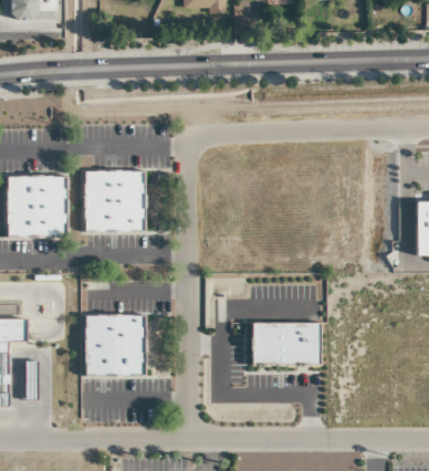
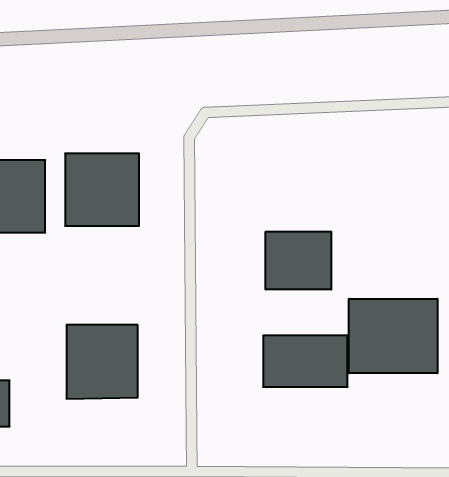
building: none -> [266,232,331,290]
building: none -> [349,299,437,373]

